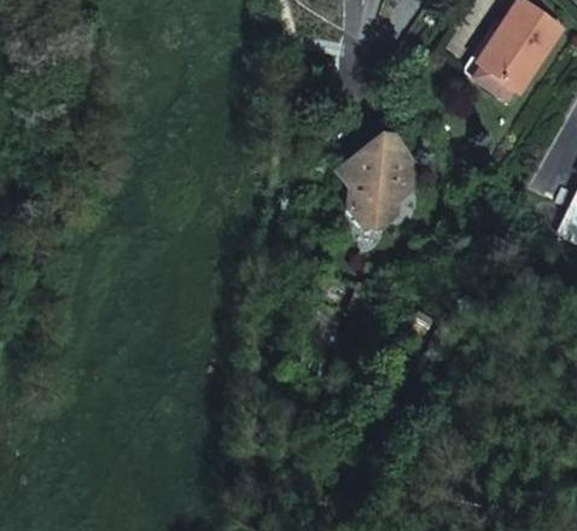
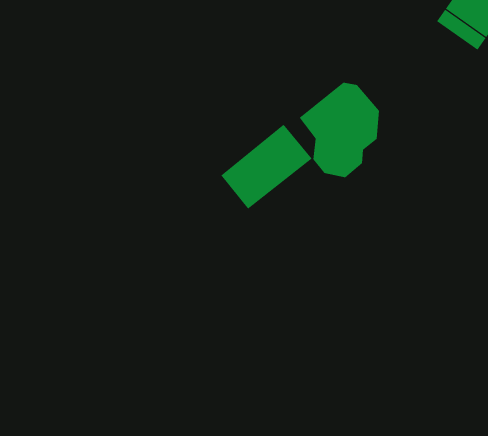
building: none -> [221,124,312,210]

